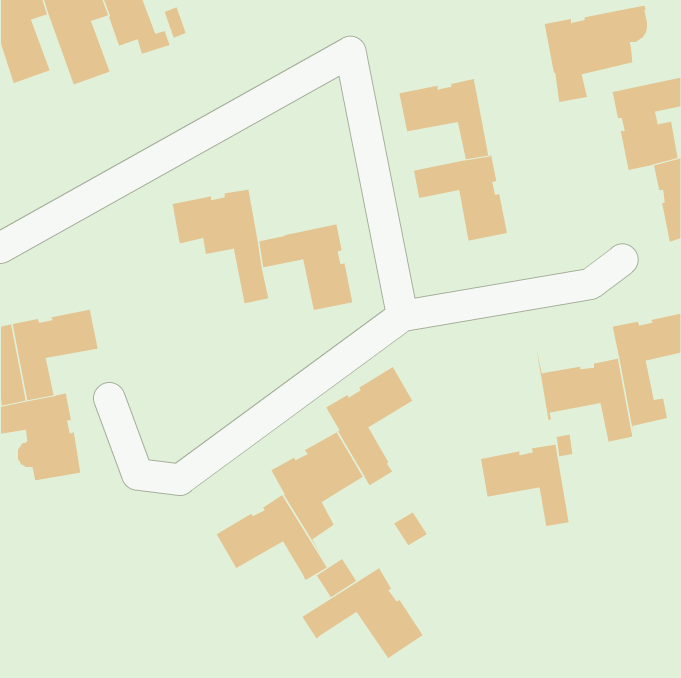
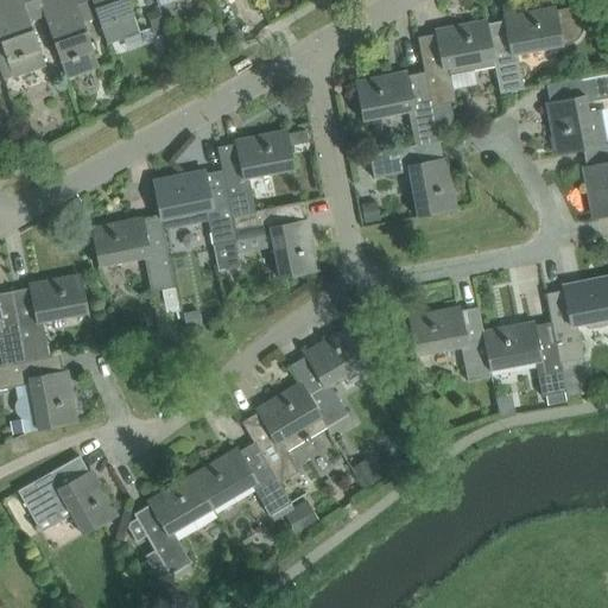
building: none -> [417,21,493,139]
building: none -> [217,128,309,215]
building: none -> [91,215,175,290]
building: [480,444,570,527] -> [408,305,488,379]
building: none -> [17,454,114,533]
building: none -> [127,476,210,580]
building: [301,567,424,659] -> none

